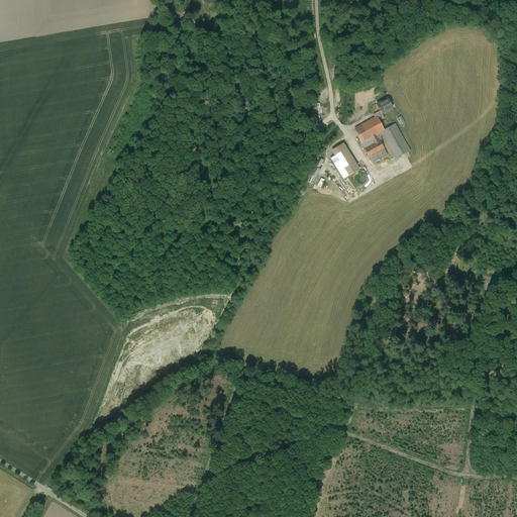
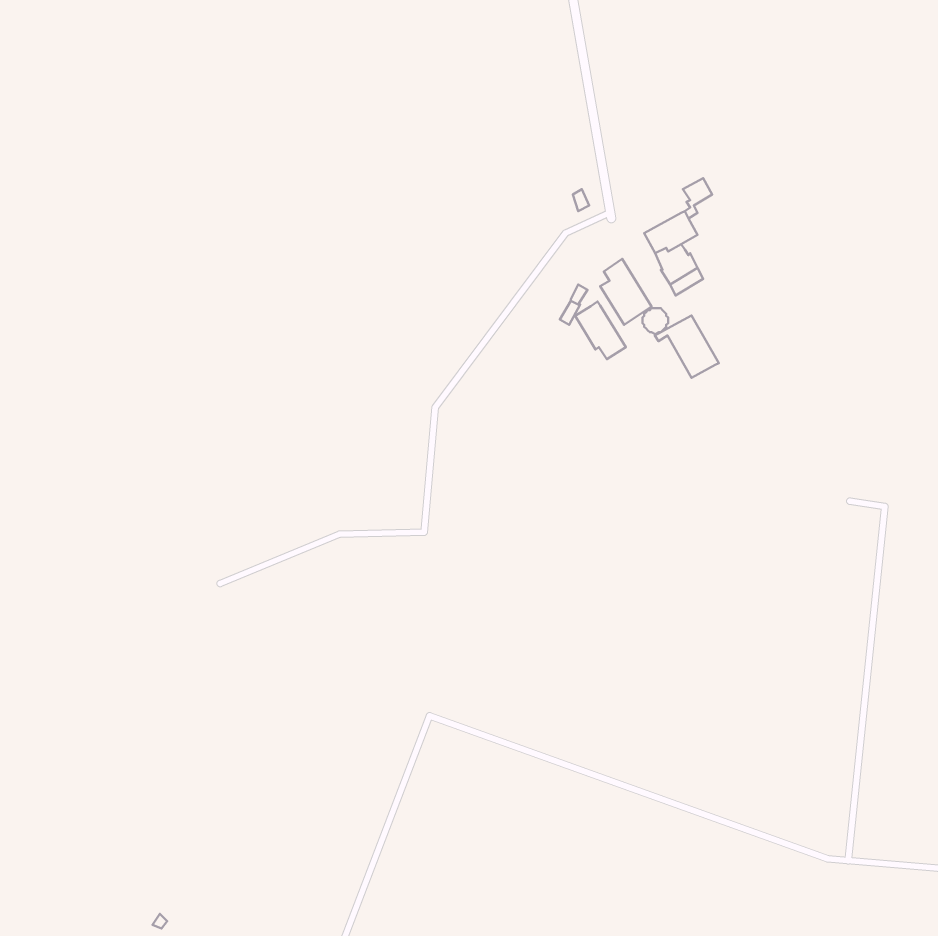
building: [375,123,410,158] -> [655,315,719,378]
building: none -> [575,302,626,359]

